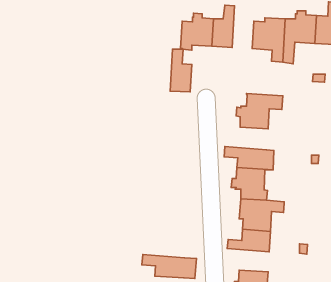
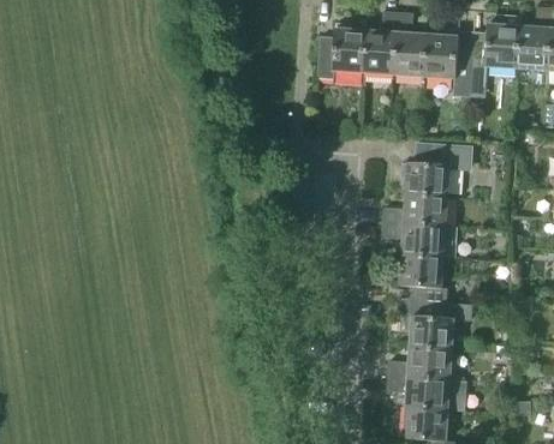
building: [170,49,192,92] -> [395,12,428,76]
building: none -> [385,193,449,227]
building: [142,254,197,279] -> [387,374,469,410]

